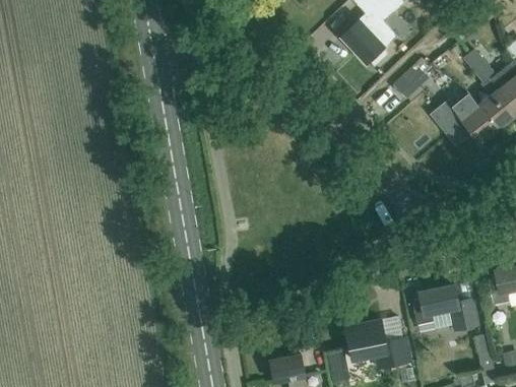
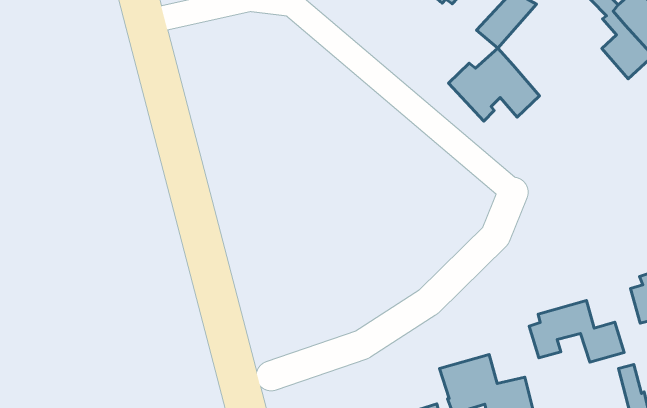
building: [433,91,498,143] -> [448,48,539,121]

